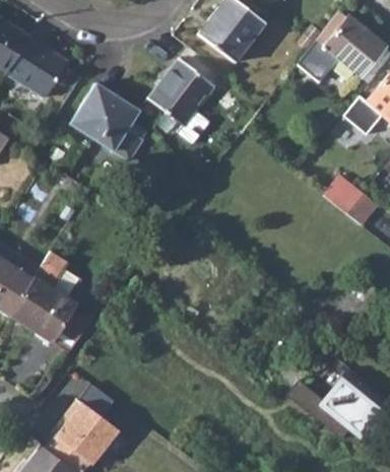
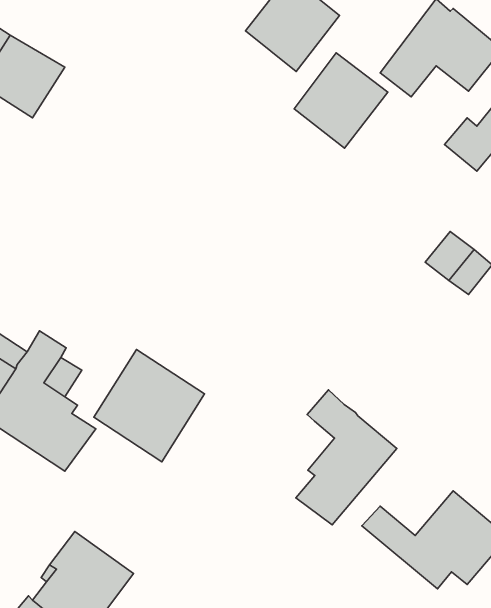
building: [150,59,218,128] -> [294,53,388,148]
building: [72,83,144,161] -> none
building: none -> [94,349,205,462]
building: none -> [296,390,397,525]

